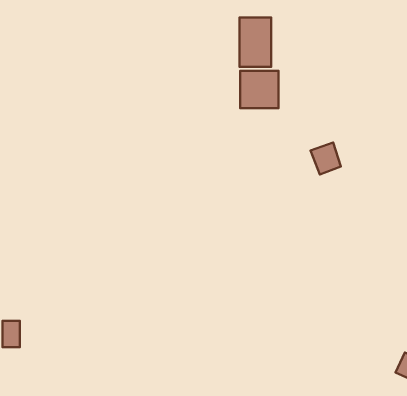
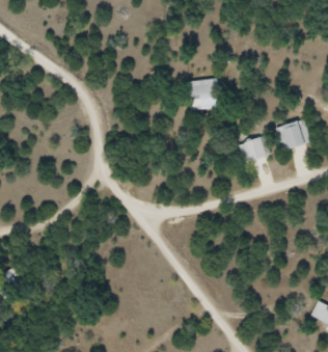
building: [240,18,271,67] -> none
building: none -> [274,119,311,152]

